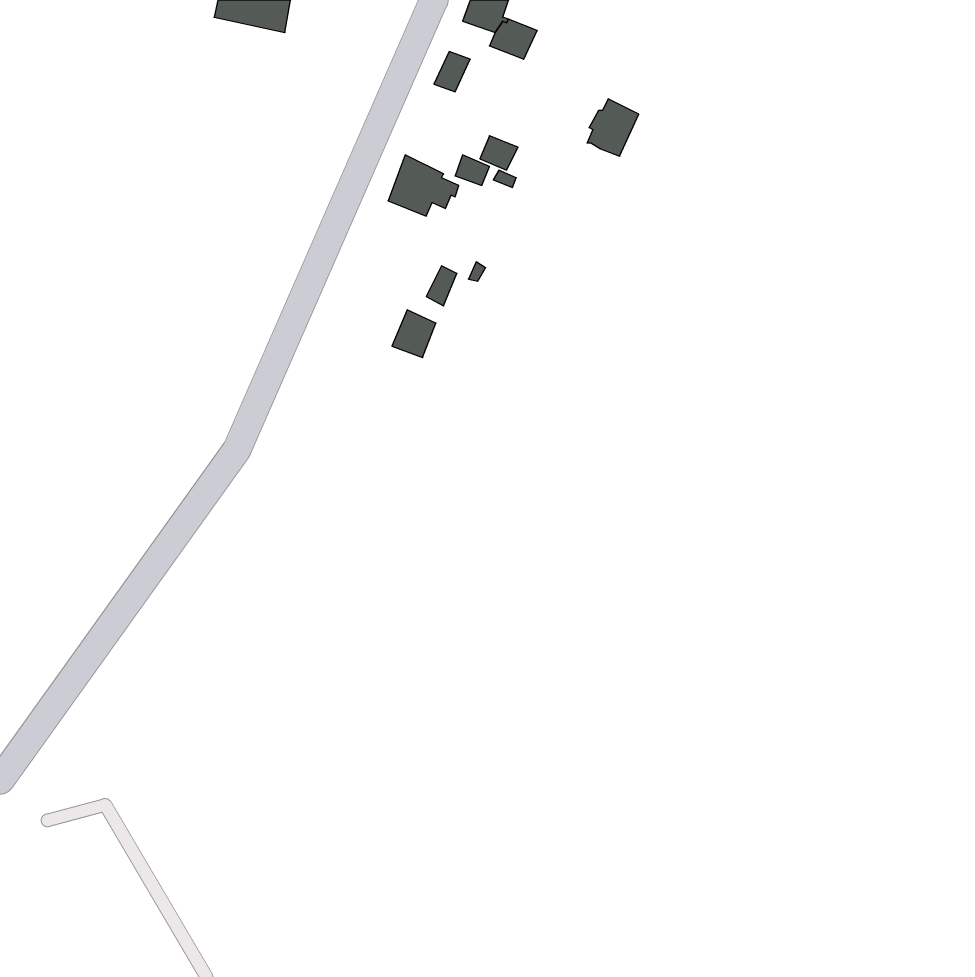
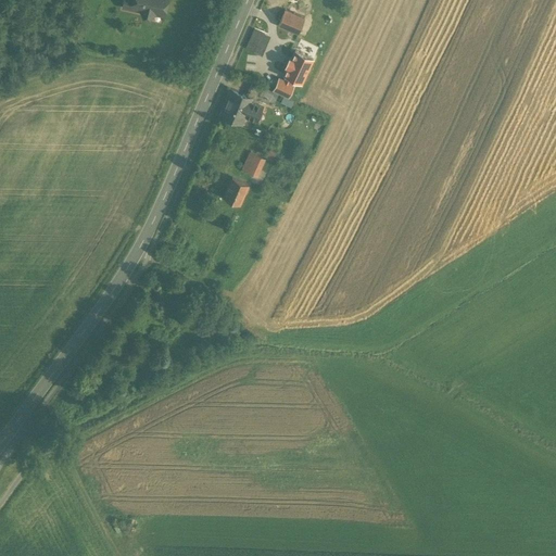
building: [587,99,639,156] -> [285,50,314,83]

